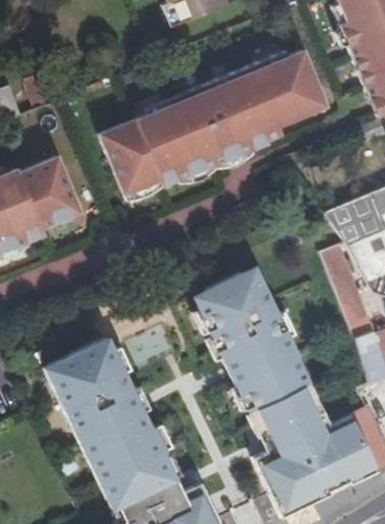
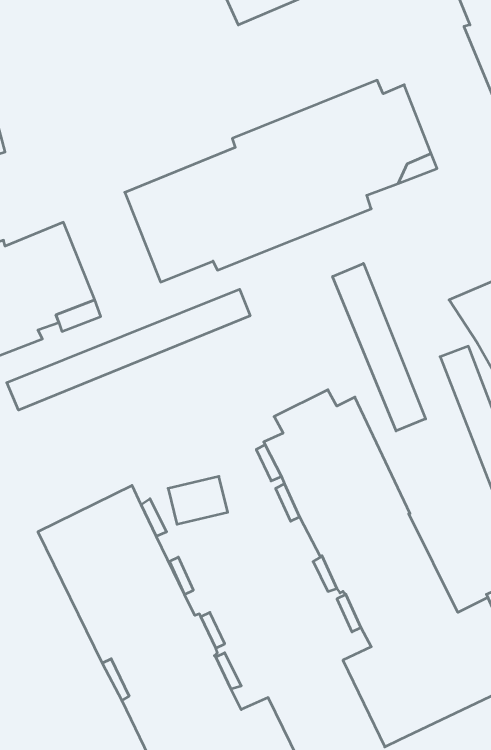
building: none -> [333,263,426,431]
building: none -> [7,289,250,410]

